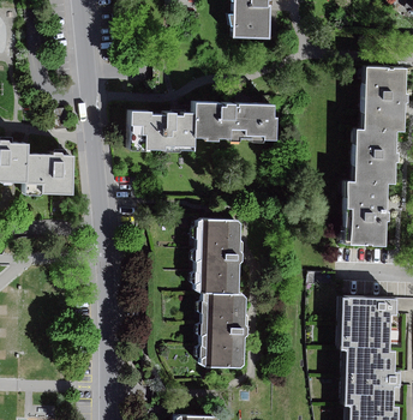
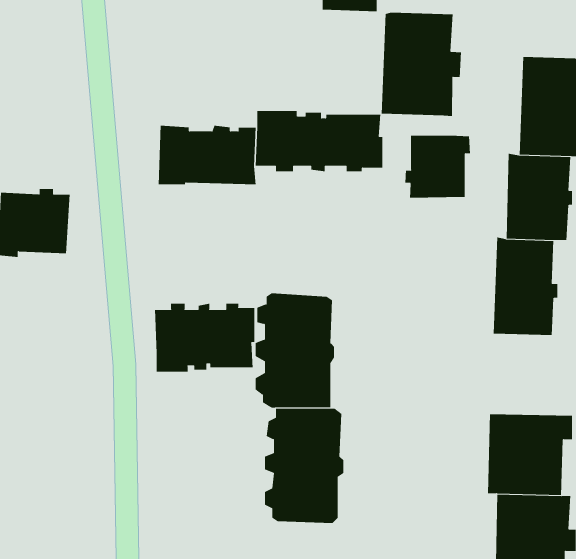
building: none -> [381,12,462,117]
building: none -> [405,135,471,199]
building: none -> [155,303,255,372]

